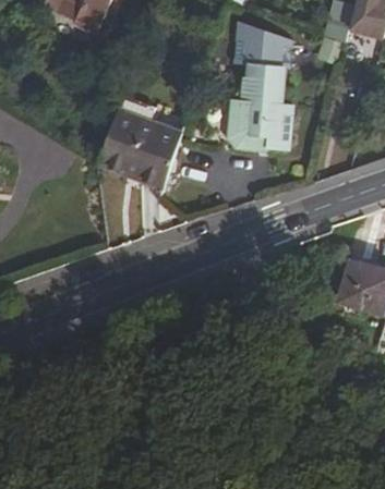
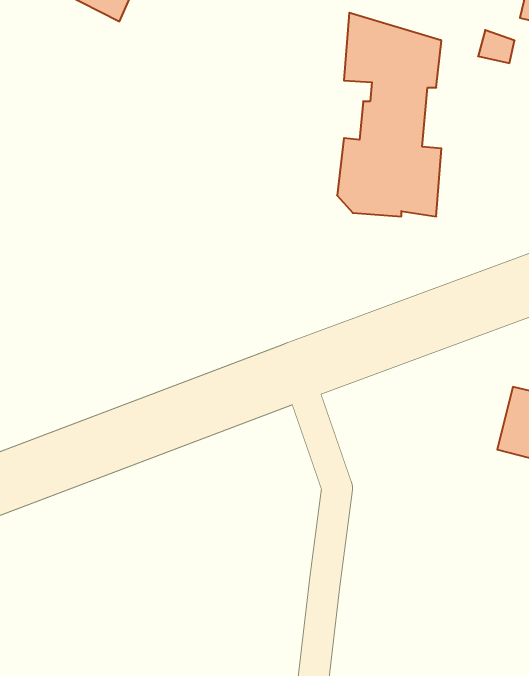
building: [97,115,179,195] -> none

